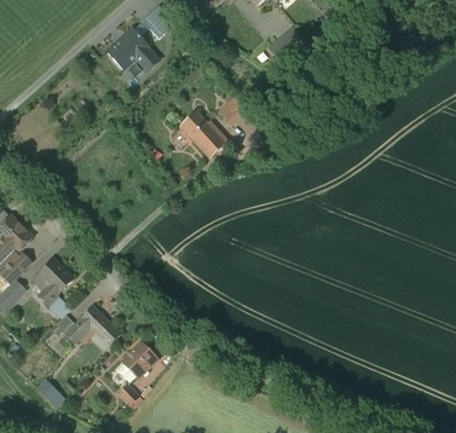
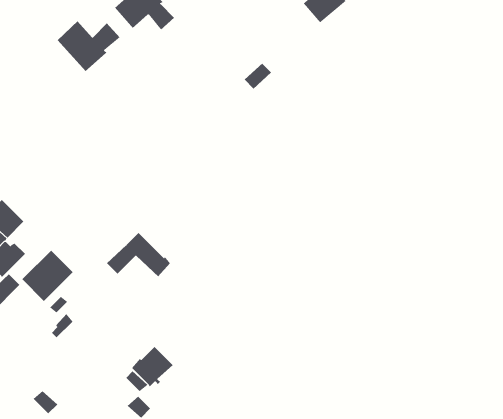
building: none -> [57,20,121,72]
building: [179,110,227,157] -> none
building: [64,306,120,345] -> [106,232,171,277]

